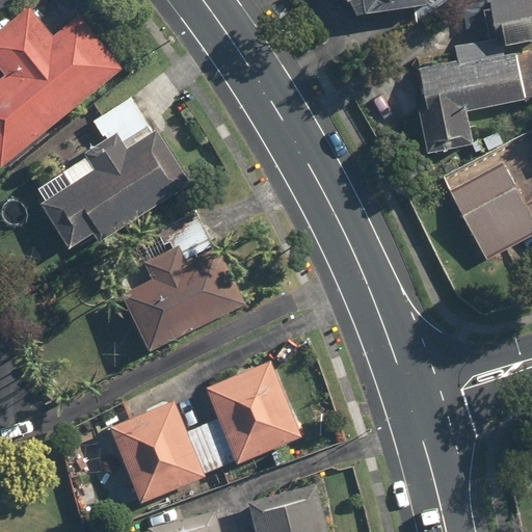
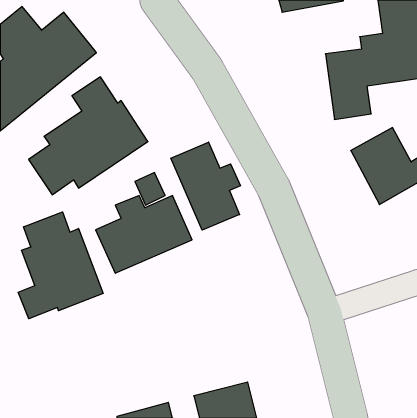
building: none -> [171,142,241,230]
building: none -> [18,212,103,319]
building: [110,361,301,504] -> none

